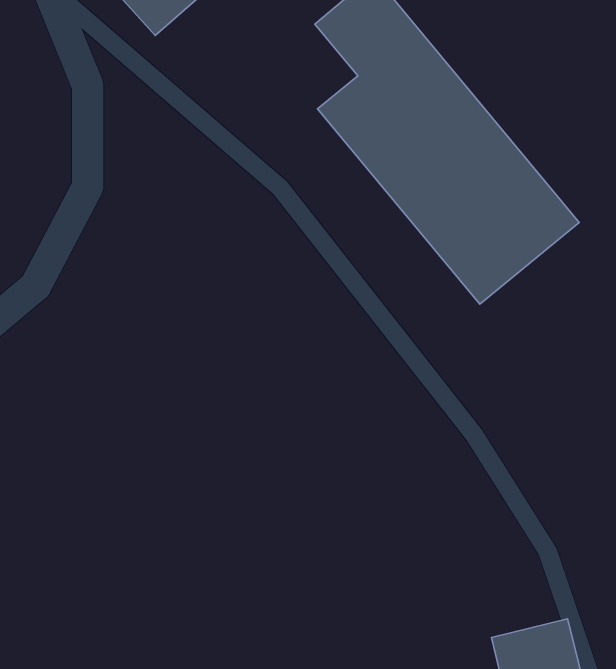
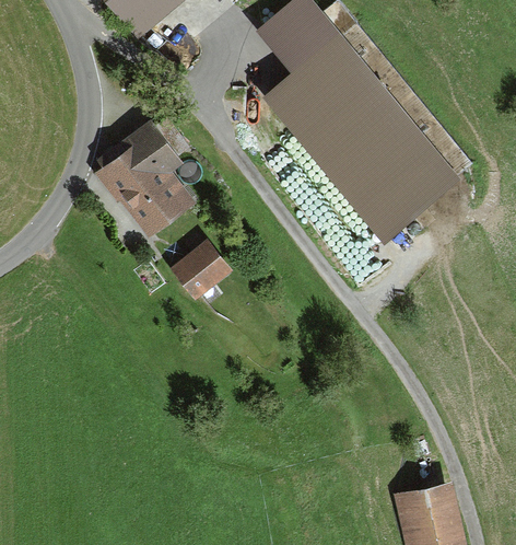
building: none -> [93,115,196,239]
building: none -> [169,237,233,300]

